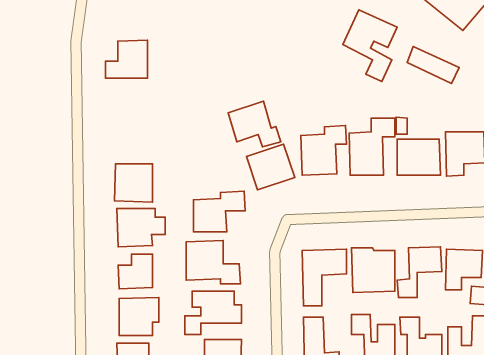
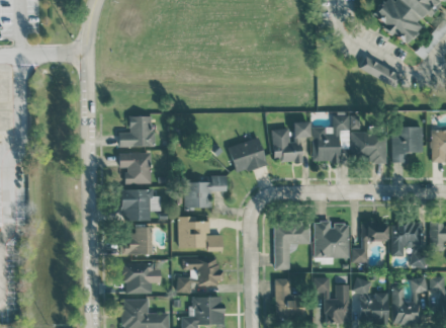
building: [343,10,397,82] -> none
building: [105,40,147,78] -> [118,115,153,147]
building: [228,101,281,147] -> none

